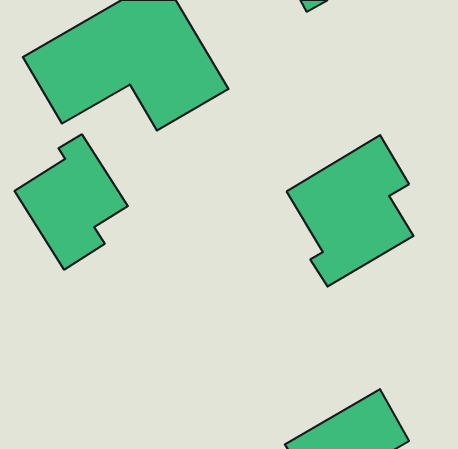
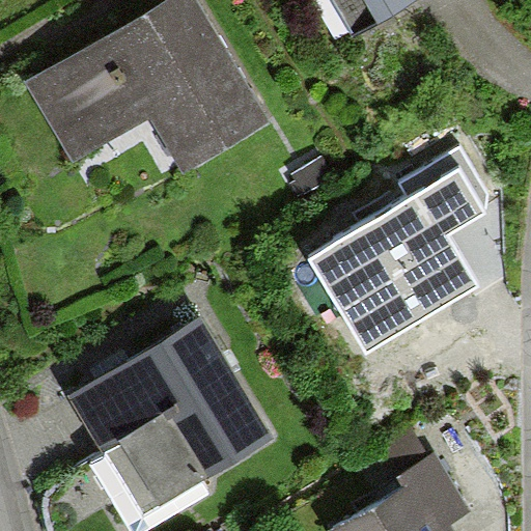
building: [15,134,128,270] -> none
building: none -> [78,329,268,513]

